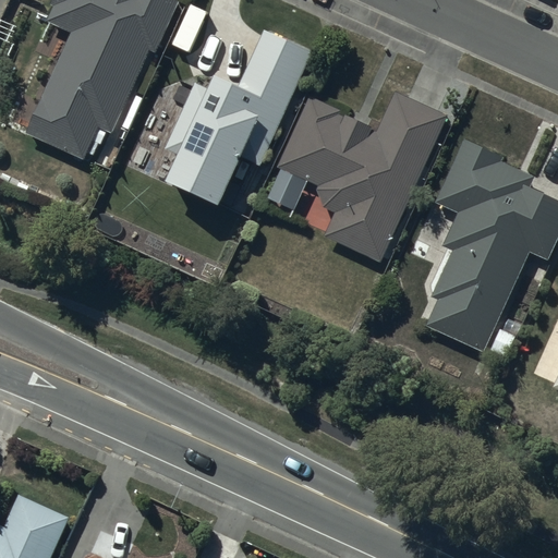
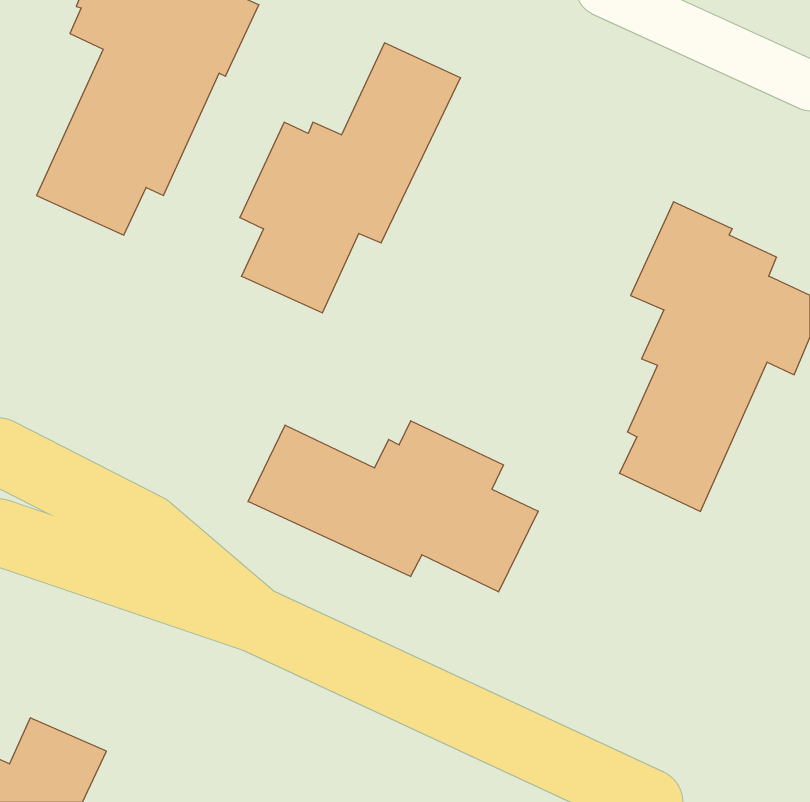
building: [277,93,446,262] -> none
building: none -> [248,421,538,592]

